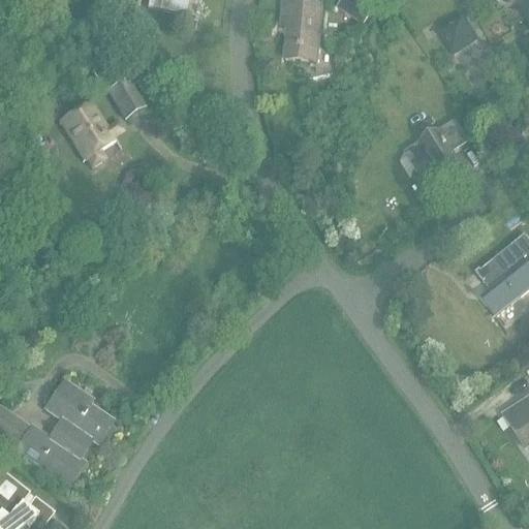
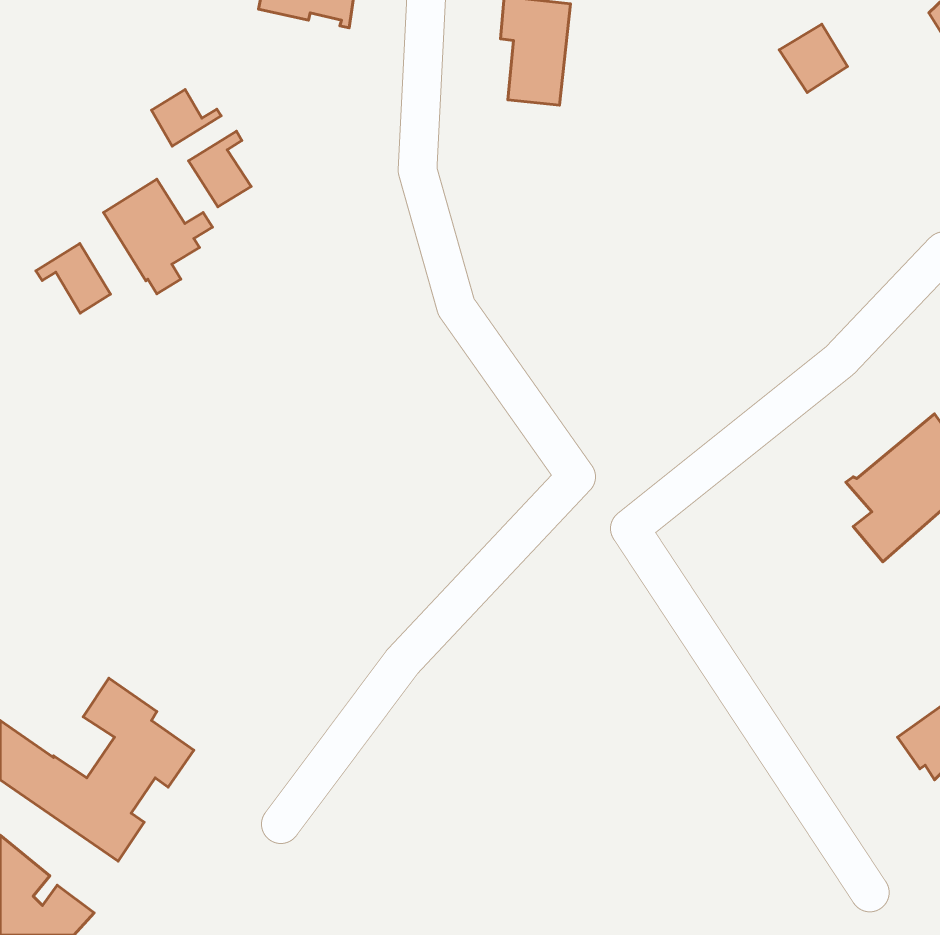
building: none -> [151,89,221,146]
building: [410,118,470,186] -> none
building: none -> [36,243,111,313]

